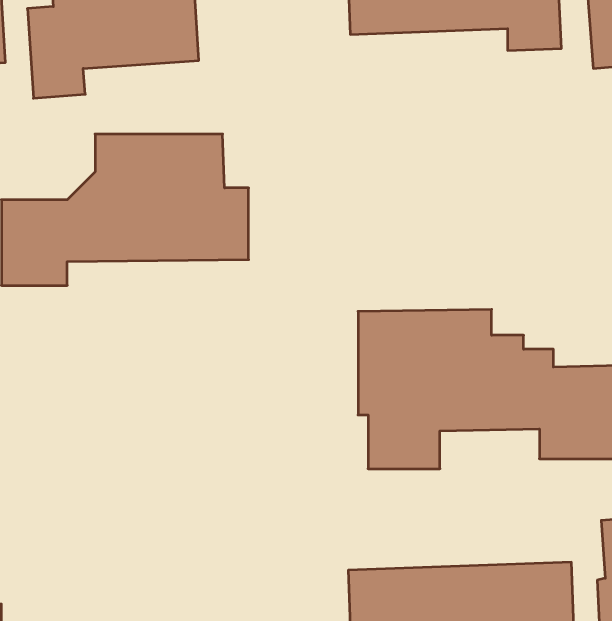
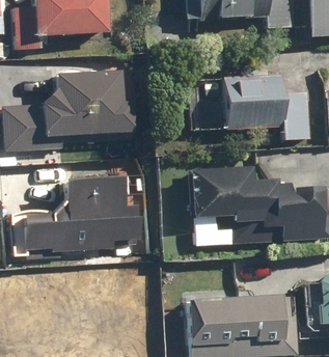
building: none -> [221,74,309,140]
building: none -> [13,180,138,257]

